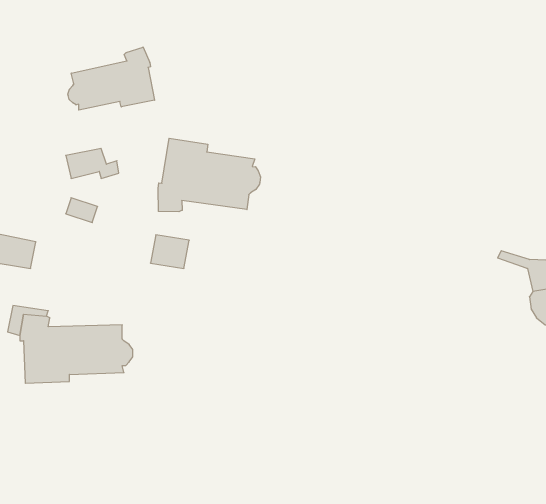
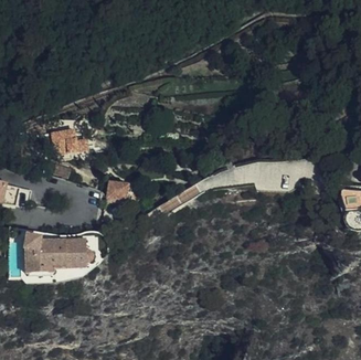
building: [68,47,155,110] -> none
building: [158,138,260,212] -> none

